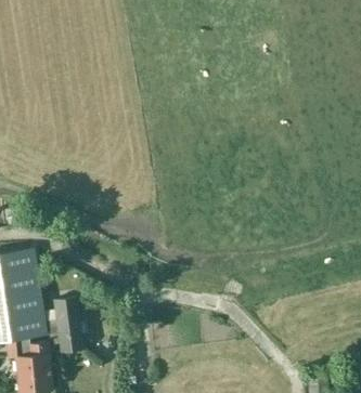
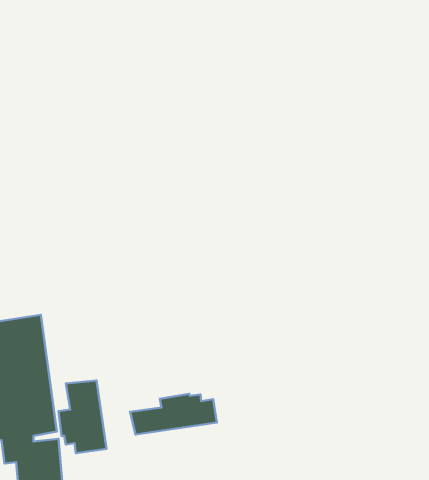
building: none -> [130,394,217,435]

